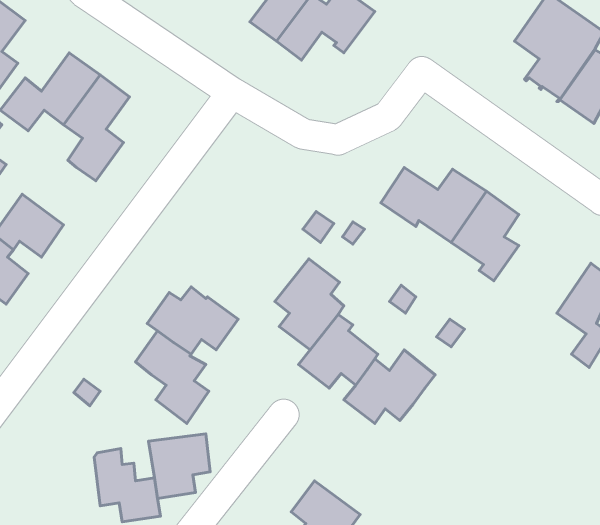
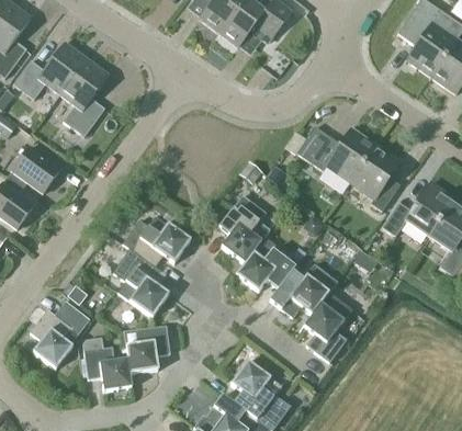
building: none -> [381,181,453,235]
building: none -> [303,291,351,362]
building: none -> [29,299,89,368]

